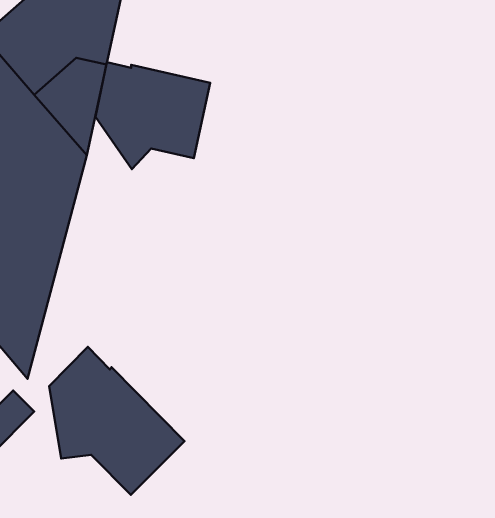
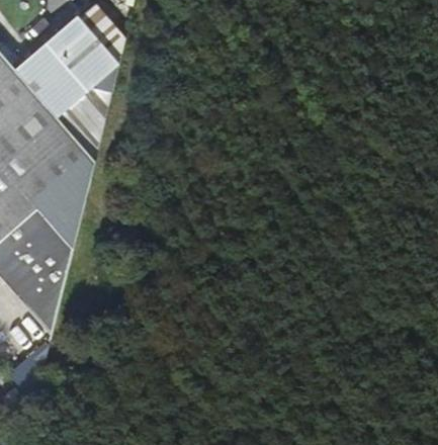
building: [96,62,210,169] -> none
building: [49,347,184,495] -> none

